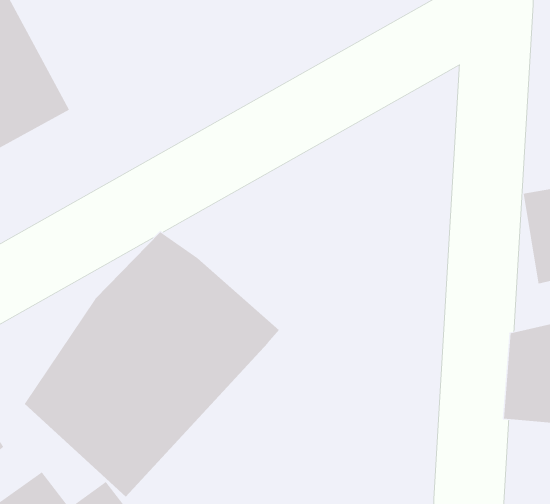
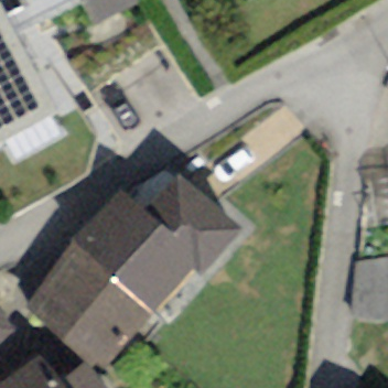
building: none -> [146,175,239,274]

